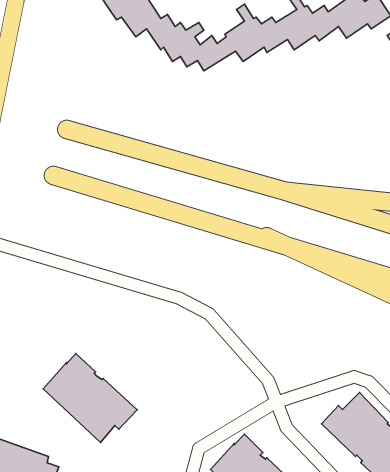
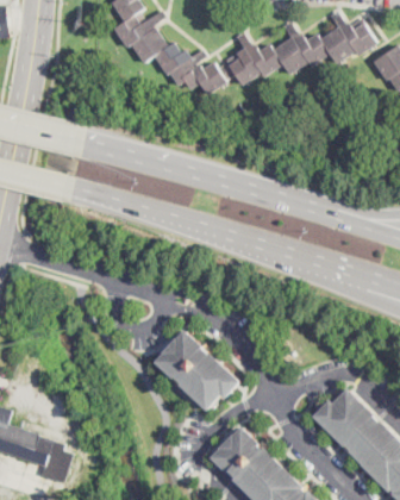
building: [43,354,137,442] -> [154,329,239,410]

